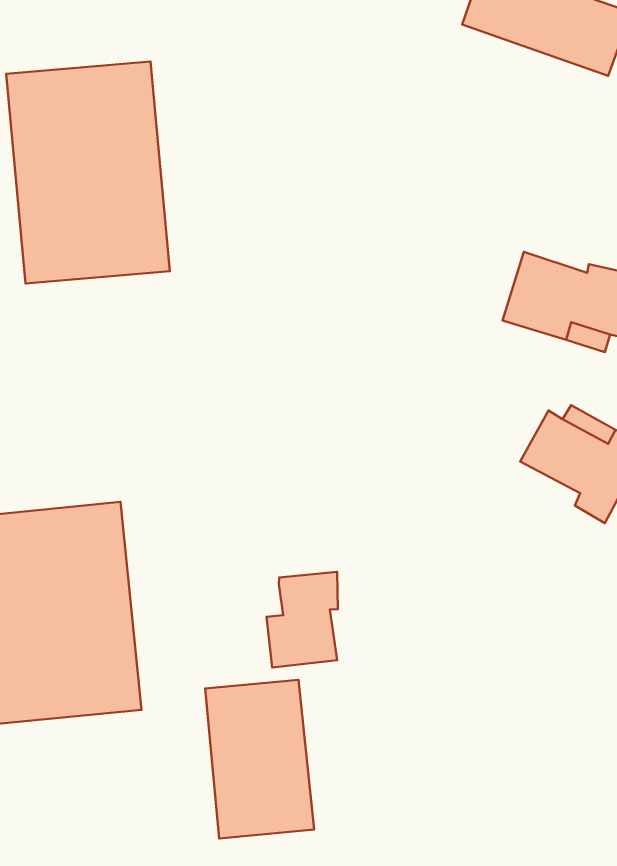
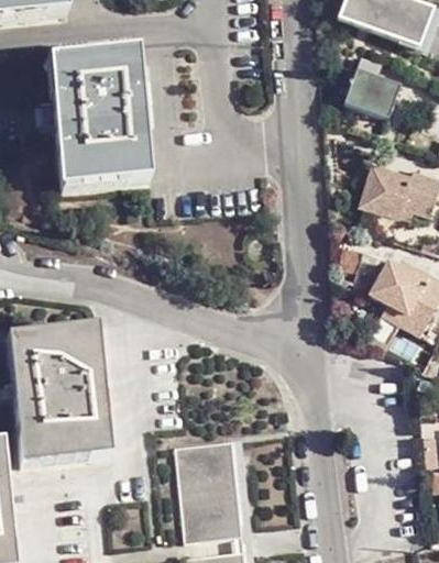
building: none -> [339,52,398,115]
building: [266,572,338,667] -> none

